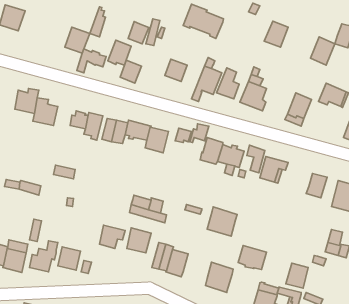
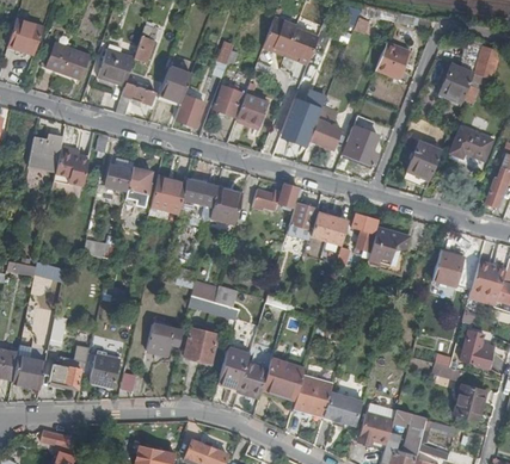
building: [128,21,149,44] -> [214,85,242,116]
building: none -> [47,45,88,80]
building: [207,207,237,236] -> [263,358,305,398]
building: [238,245,267,269] -> [324,392,363,426]
building: [286,263,308,288] -> [453,385,484,420]

